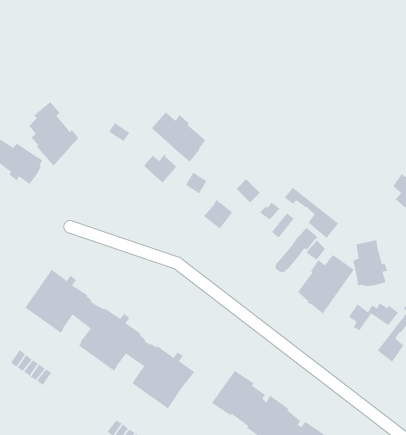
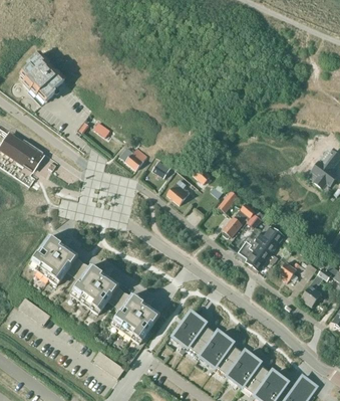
building: [28,101,79,166] -> [25,52,64,103]
building: [151,112,206,163] -> none
building: [284,187,339,239] -> none
building: [353,240,388,287] -> none

